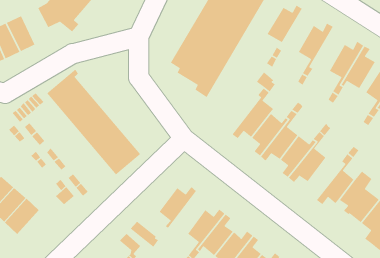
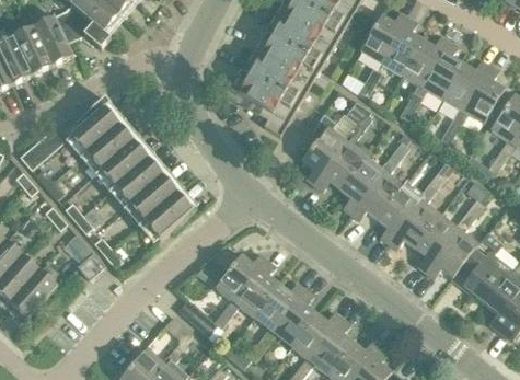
building: none -> [33,16,73,66]
building: none -> [381,18,423,76]
building: none -> [418,42,464,101]
building: none -> [302,115,351,185]
building: none -> [415,216,464,273]
building: none -> [212,261,278,329]

